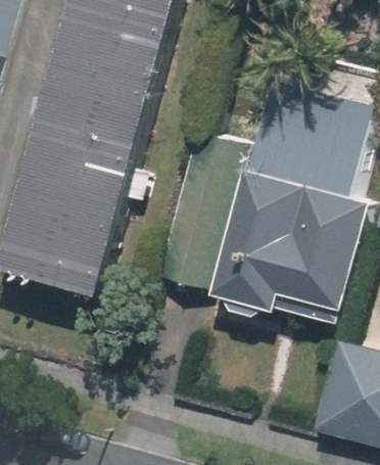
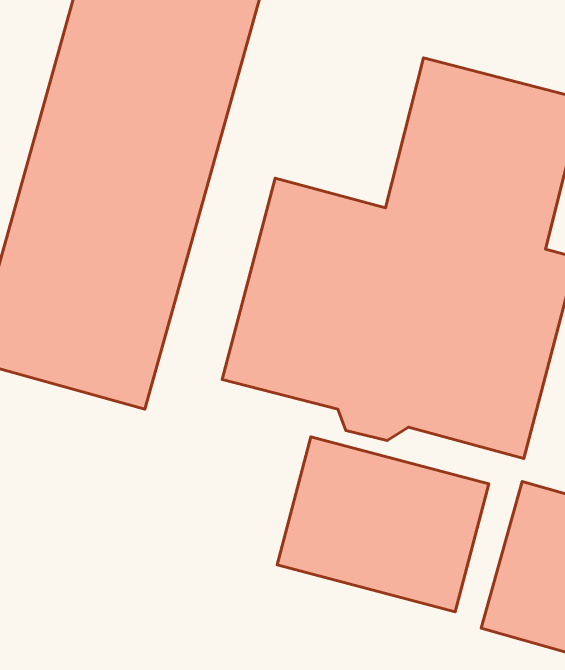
building: none -> [277,437,489,612]

